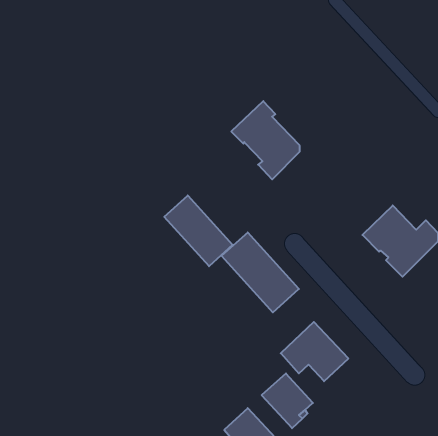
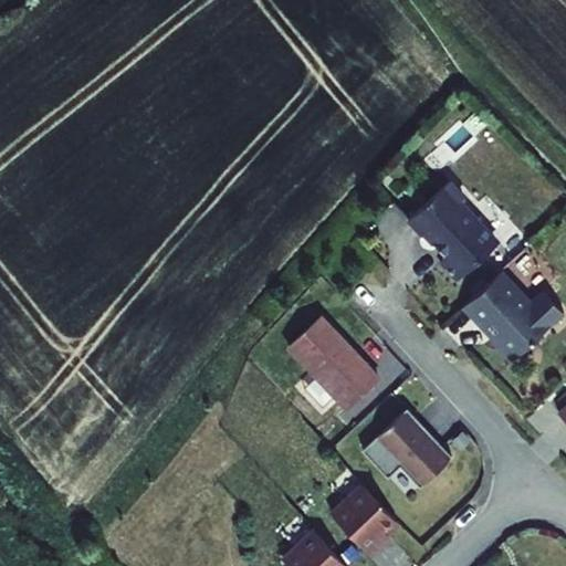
building: [231,101,300,179] -> [405,184,492,283]
building: [164,195,233,266] -> none

